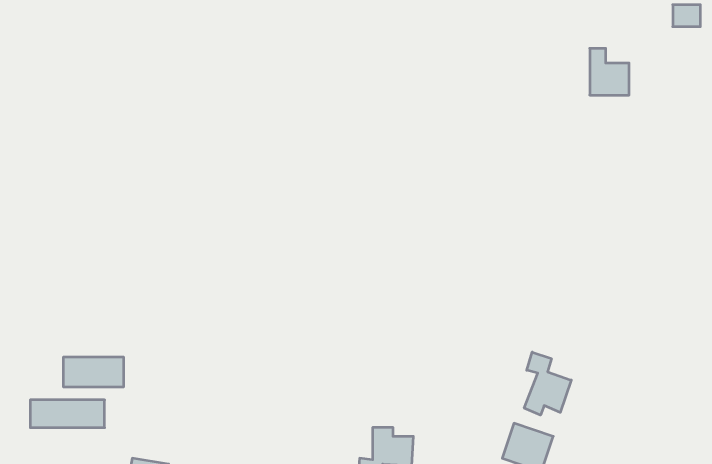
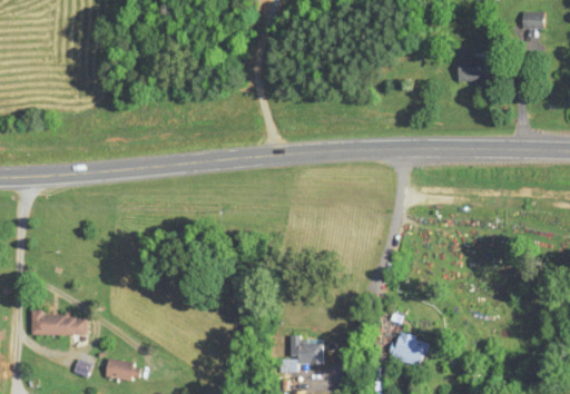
building: [524,352,571,415] -> none
building: [64,357,123,387] -> none

